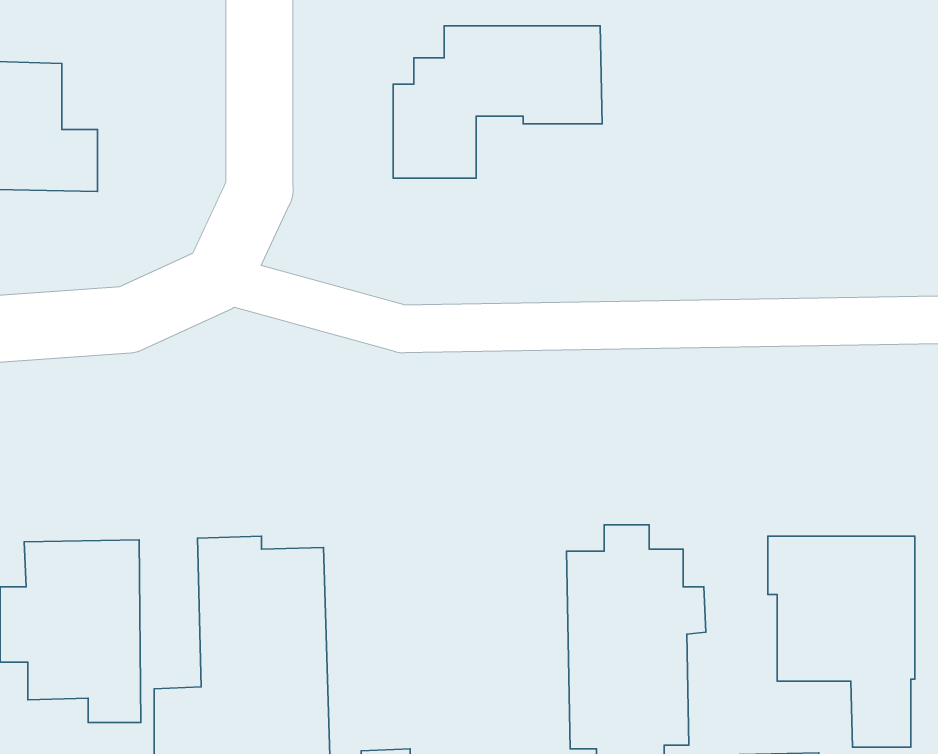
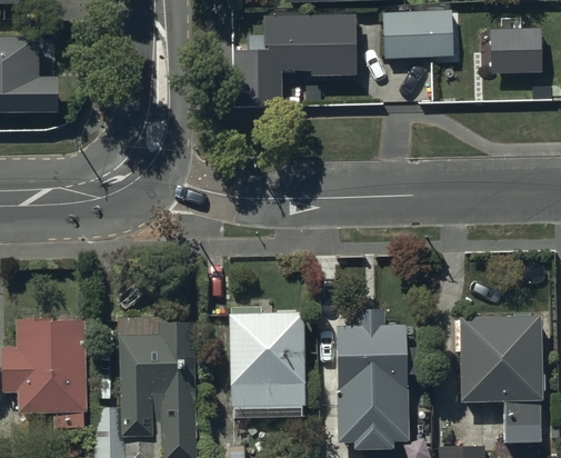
building: none -> [383,10,451,56]
building: none -> [490,26,542,71]
building: none -> [229,306,304,406]

